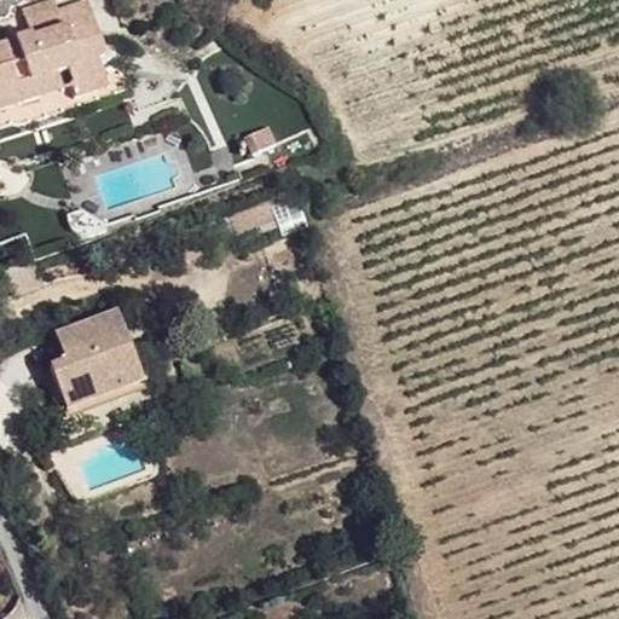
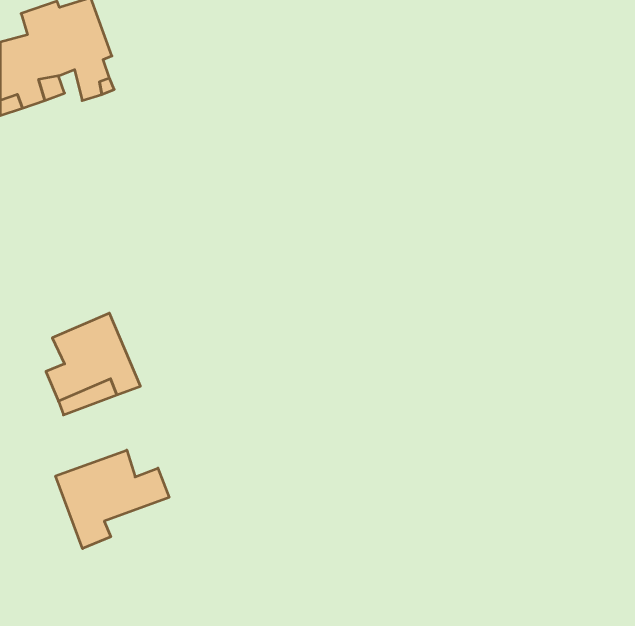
building: none -> [56,450,169,549]

